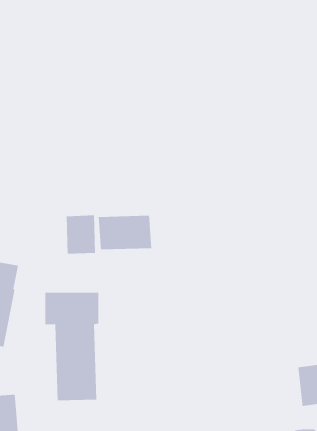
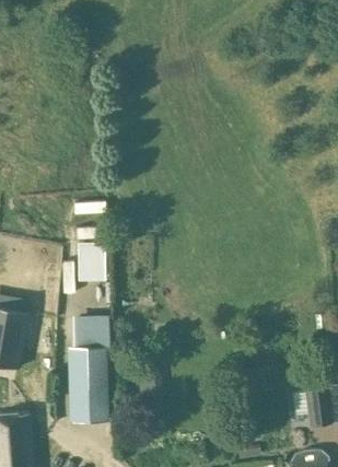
building: [98,215,152,250] -> none

